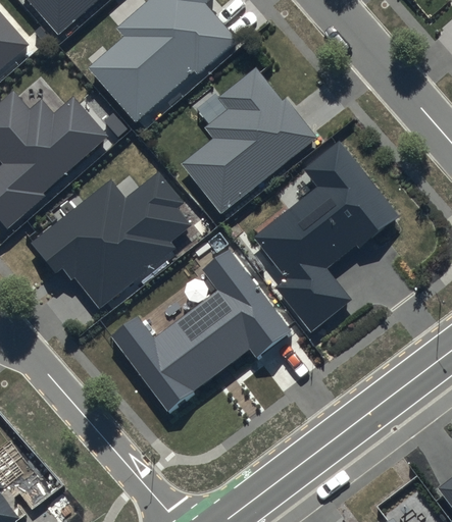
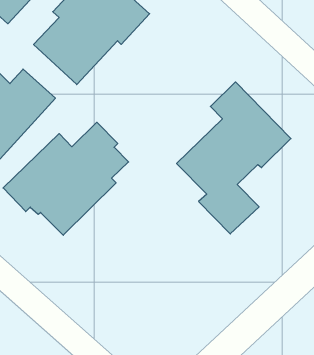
building: [180,67,318,214] -> none
building: [109,251,293,419] -> none

